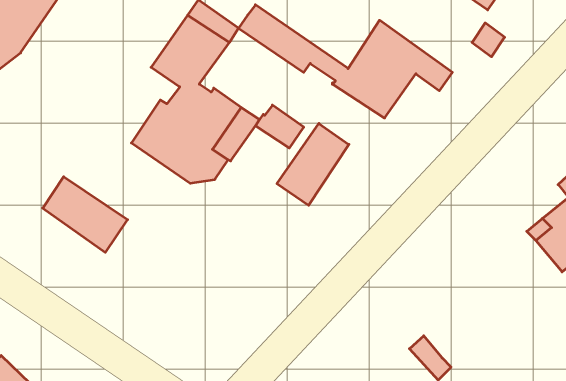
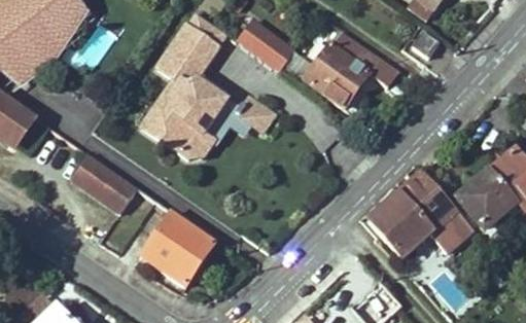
building: [277,123,349,205] -> none
building: none -> [367,171,467,257]
building: none -> [142,212,216,285]

